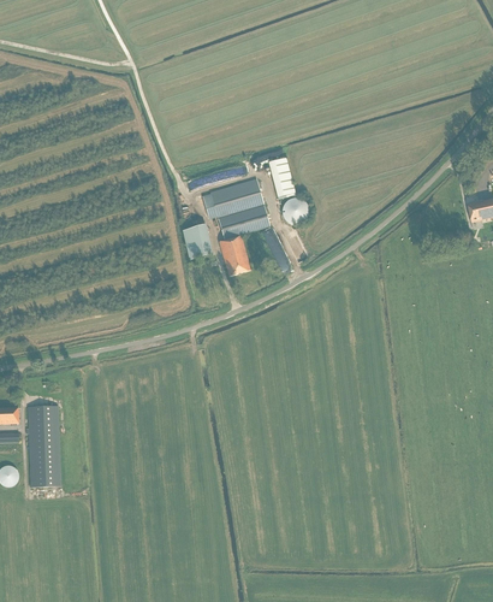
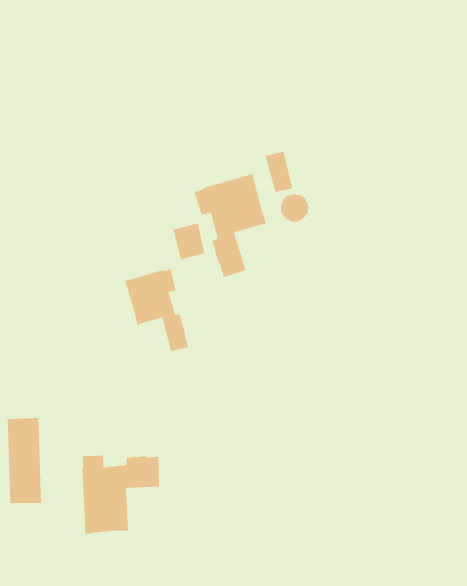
building: none -> [124,268,189,352]
building: none -> [82,455,160,535]

